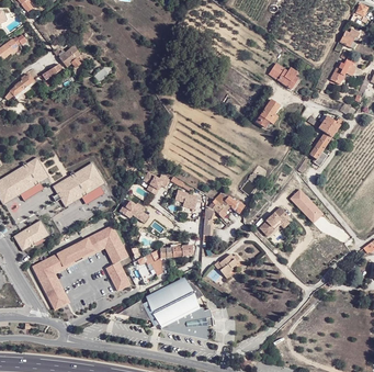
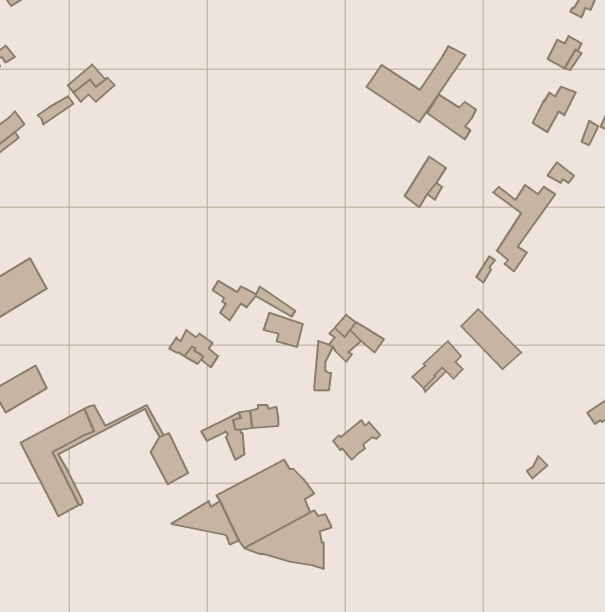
building: none -> [366,46,465,122]
building: [55,164,103,204] -> none
building: [75,225,127,261] -> none

